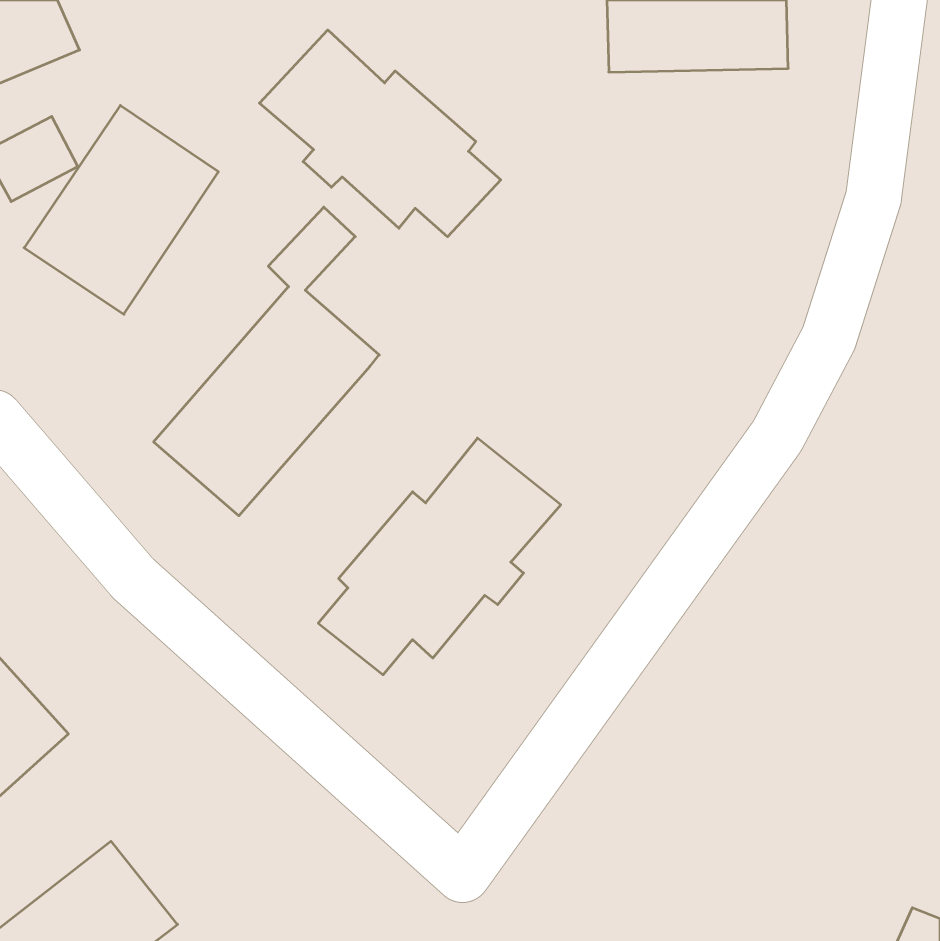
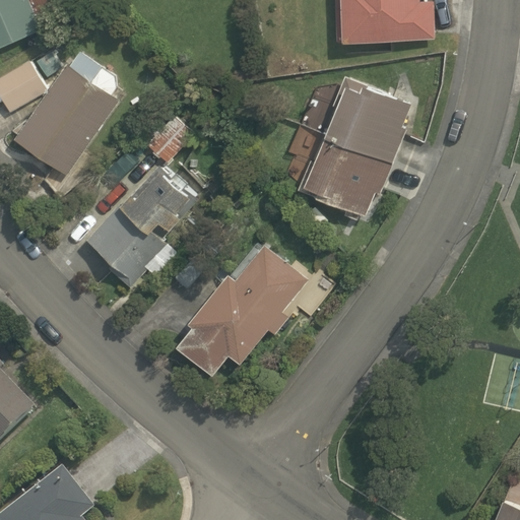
building: [259,30,501,237] -> none
building: none -> [297,76,409,220]

